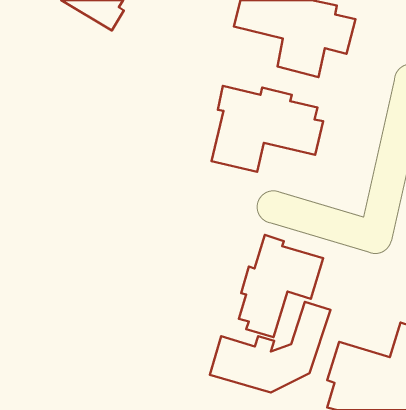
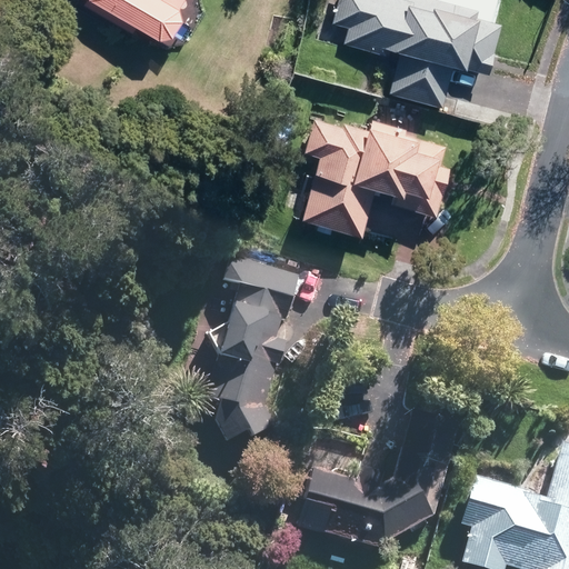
building: none -> [189,256,303,442]
building: [239,235,323,337] -> none

